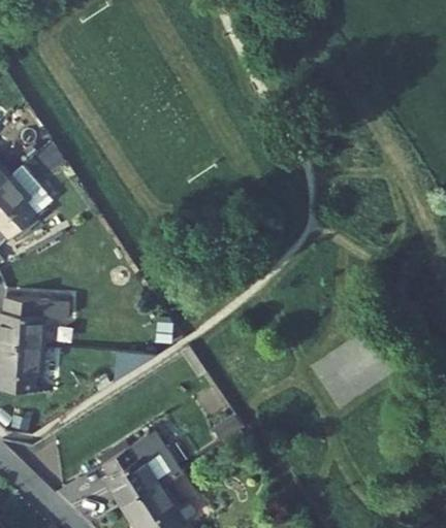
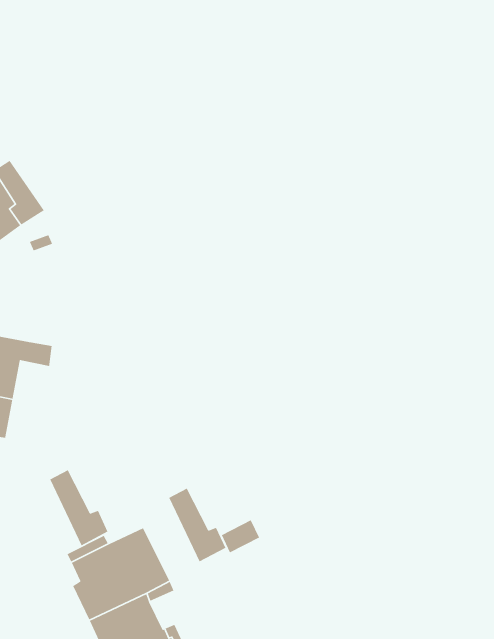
building: none -> [49,469,109,546]
building: none -> [168,488,226,563]

